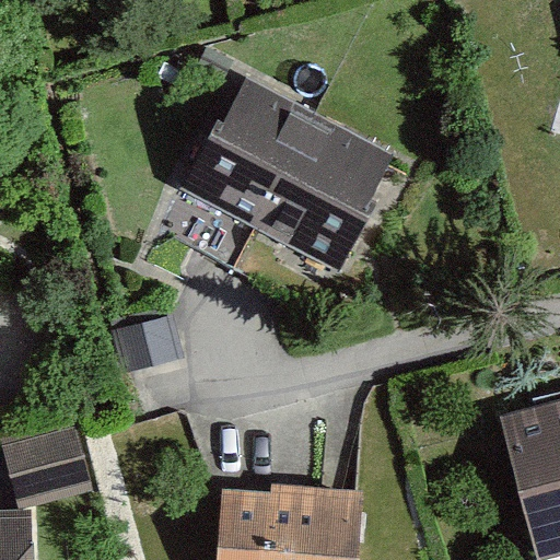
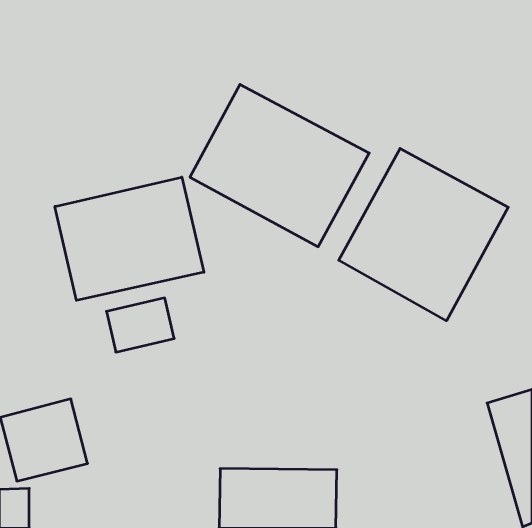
building: none -> [339,148,508,321]
building: none -> [55,177,204,300]

